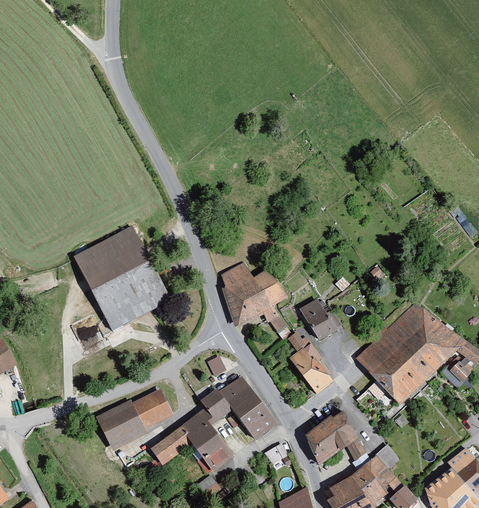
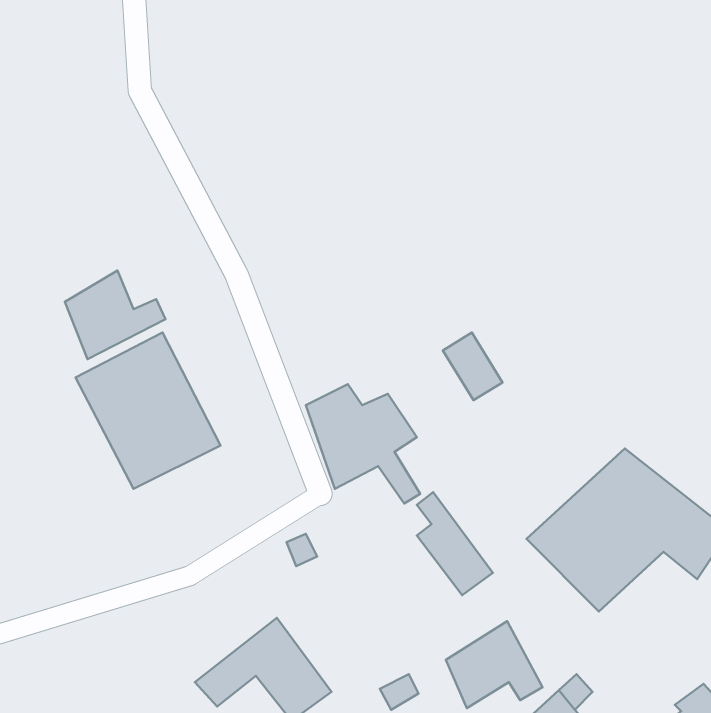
building: none -> [65,270,165,359]
building: [298,297,335,339] -> [443,333,502,400]
building: [203,375,277,436] -> none
building: [95,388,173,451] -> none

